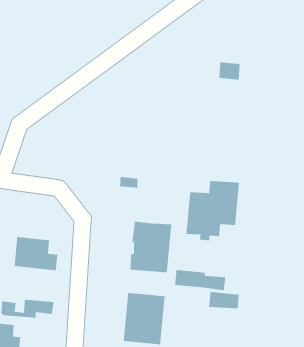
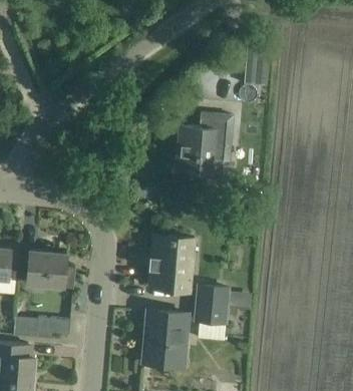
building: [186,180,240,241] -> [174,113,232,177]
building: [208,291,239,309] -> [195,303,228,322]

